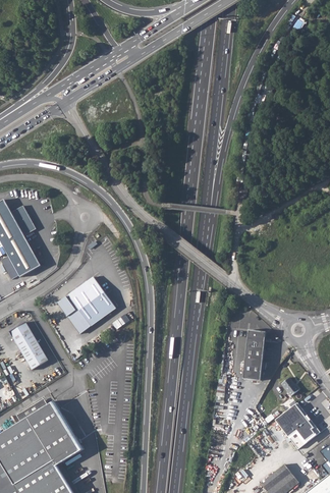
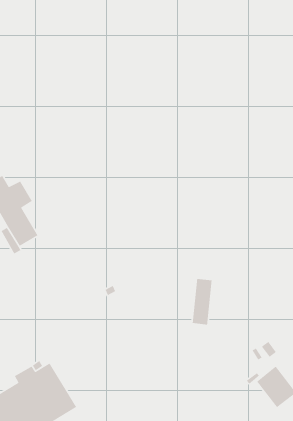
building: [57,277,115,335] -> none
building: [9,322,48,370] -> none
building: [242,330,265,381] -> [192,278,213,326]

